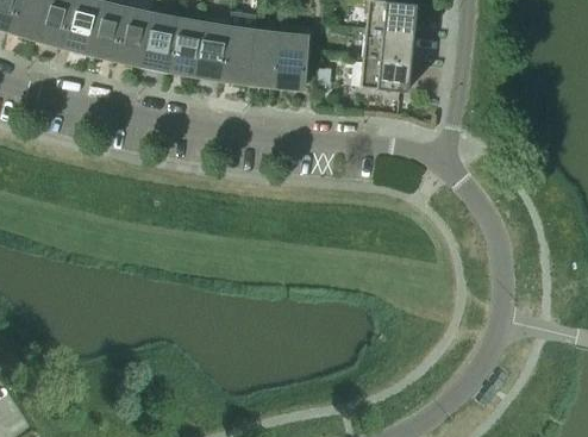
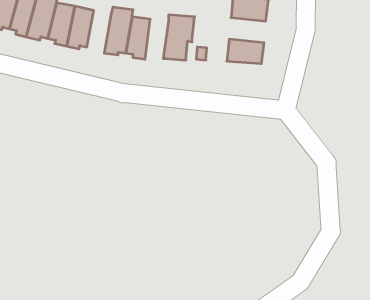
building: [167,18,200,76] -> none
building: [362,27,412,62] -> none
building: [246,30,279,86] -> none

